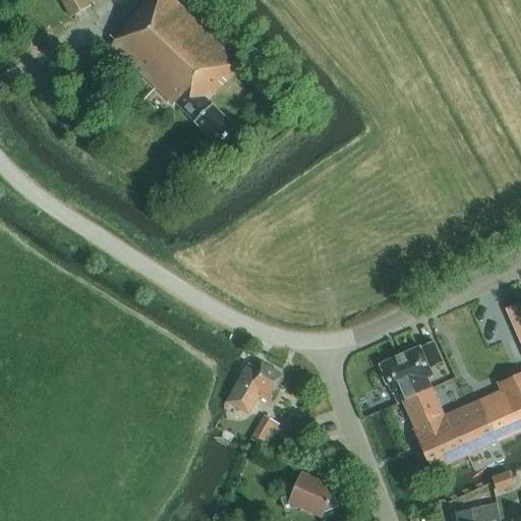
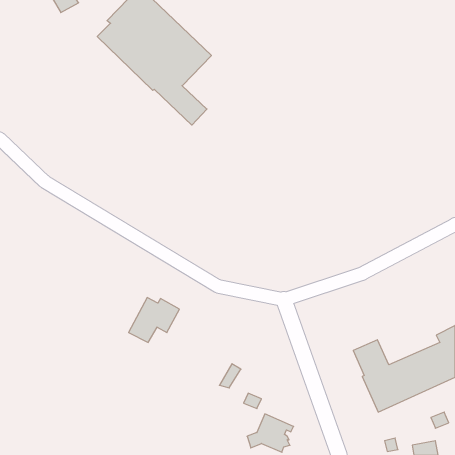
building: [380,339,443,401] -> none
building: [225,360,283,411] -> [129,298,179,342]

